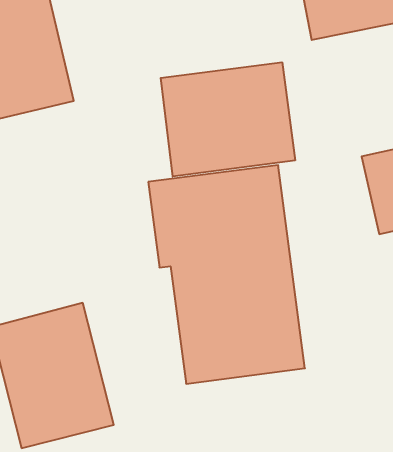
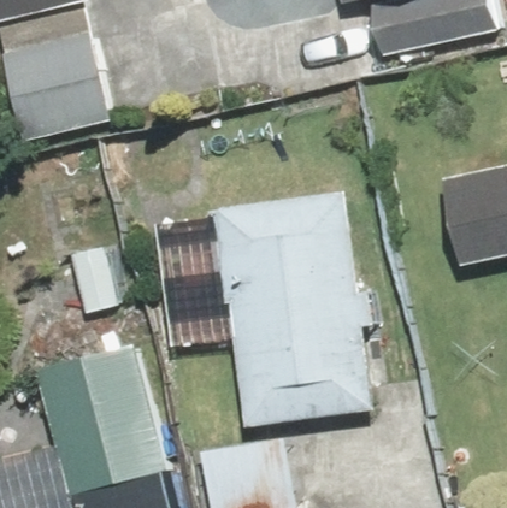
building: [161,62,295,177] -> none

